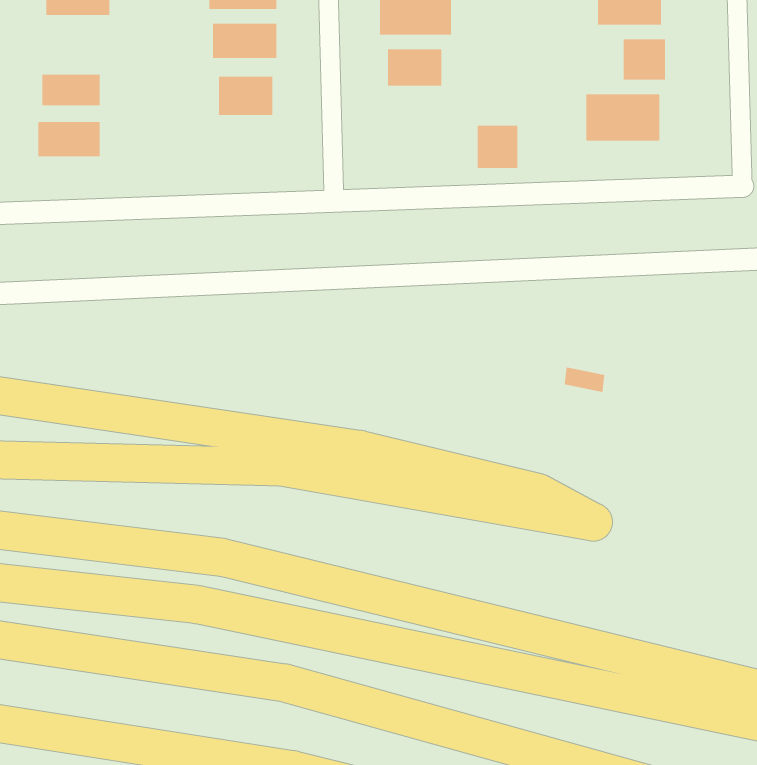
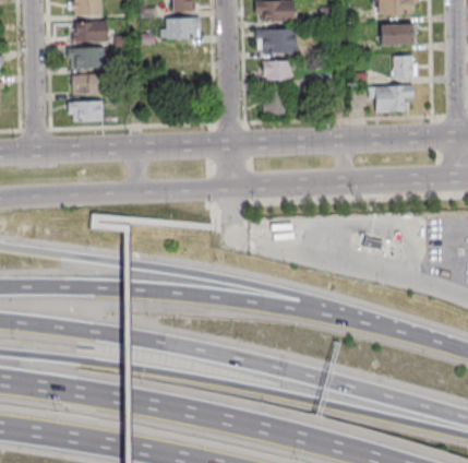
building: none -> [68,48,106,67]
building: [477,125,518,168] -> [263,92,286,116]

